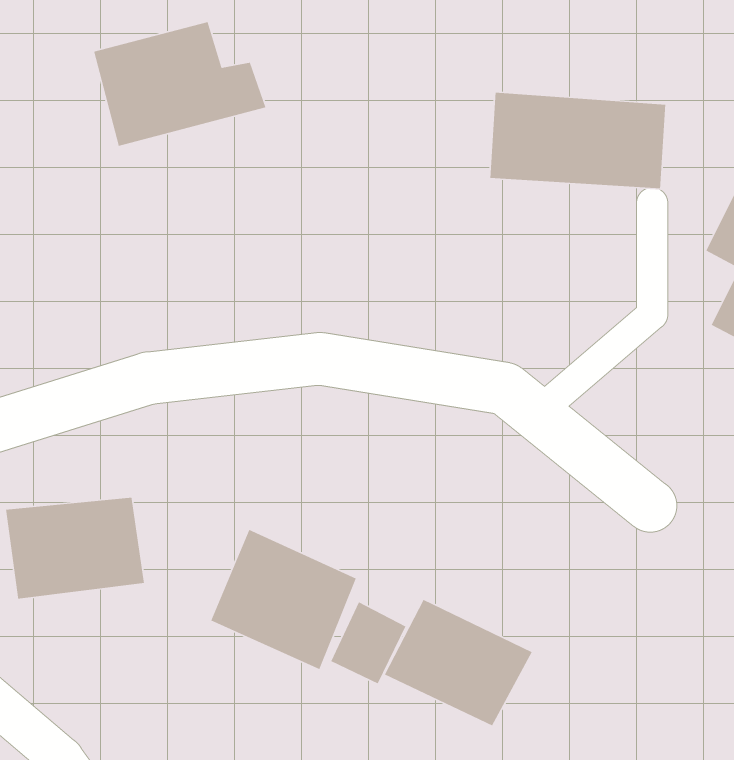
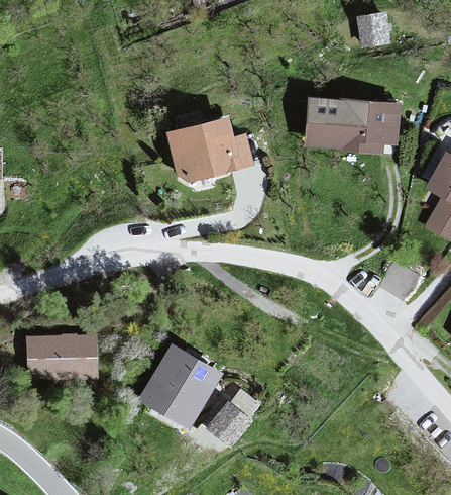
building: [93,21,267,147] -> [158,113,257,185]
building: [384,599,533,726] -> none

